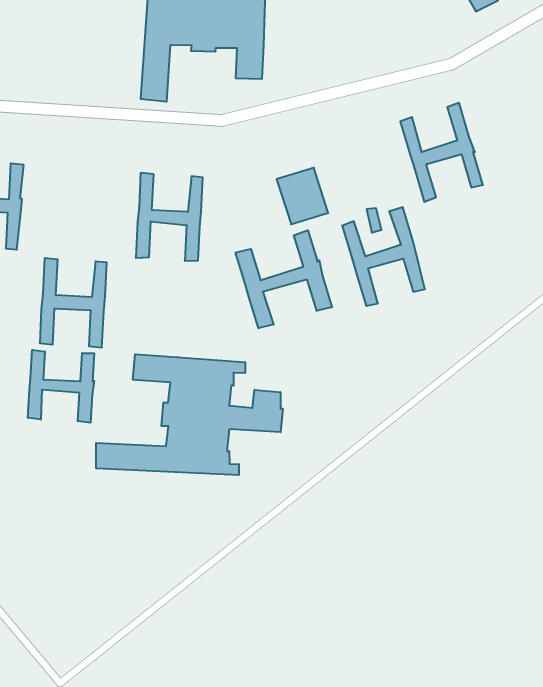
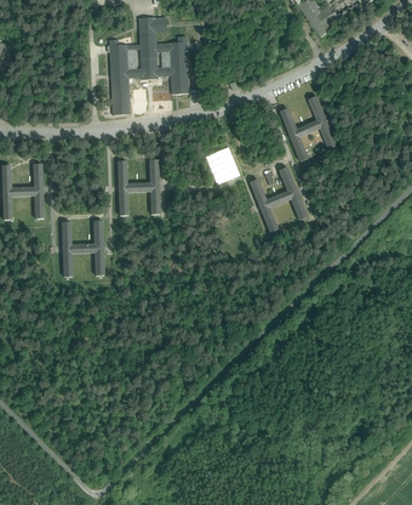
building: [236,230,332,328] -> none
building: [28,350,94,423] -> none
building: [96,354,283,475] -> none

